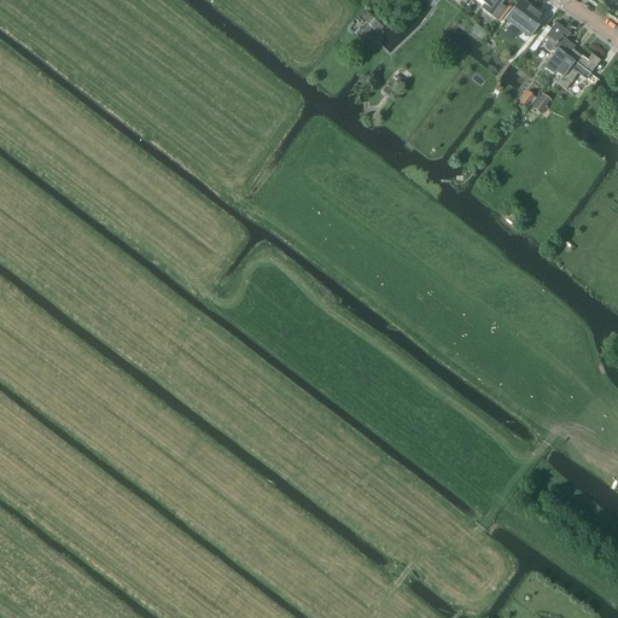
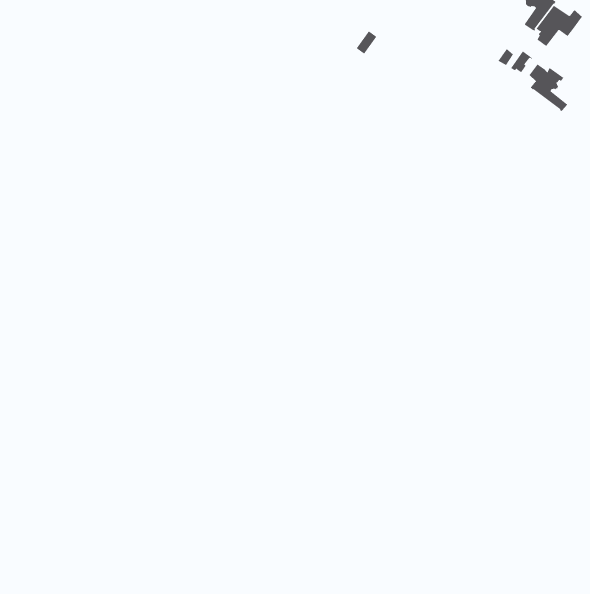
building: none -> [529,63,568,112]

